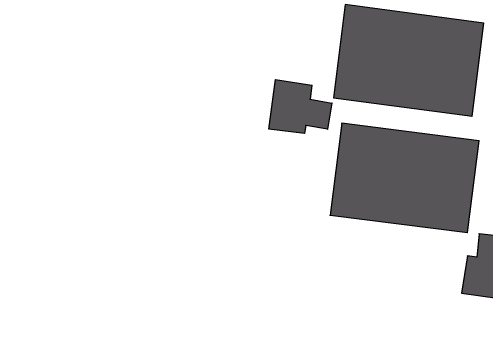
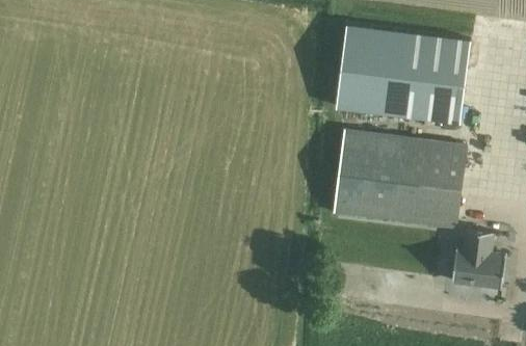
building: [269,80,332,133] -> none

